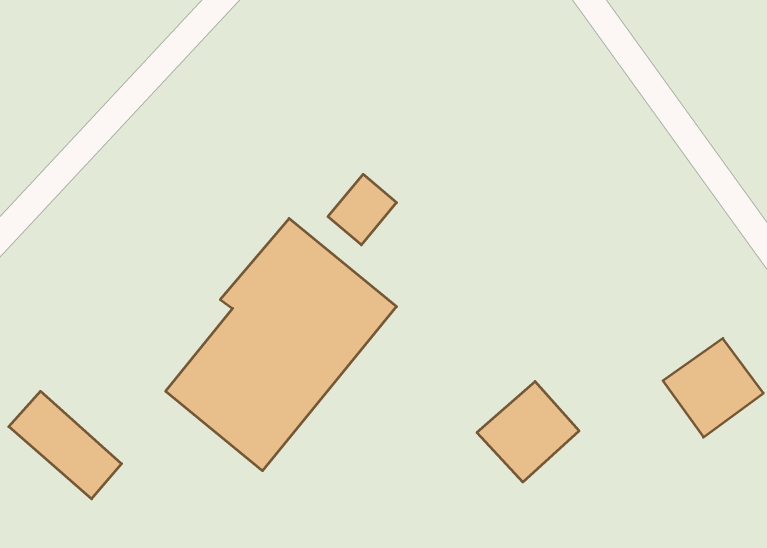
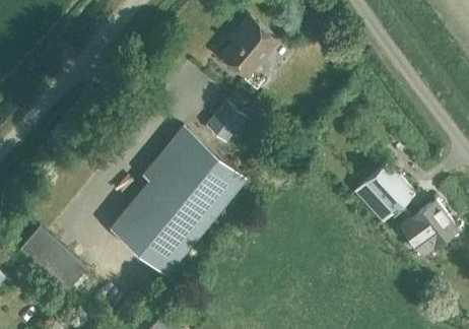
building: none -> [221,19,276,78]
building: [477,381,579,482] -> [355,162,414,220]

